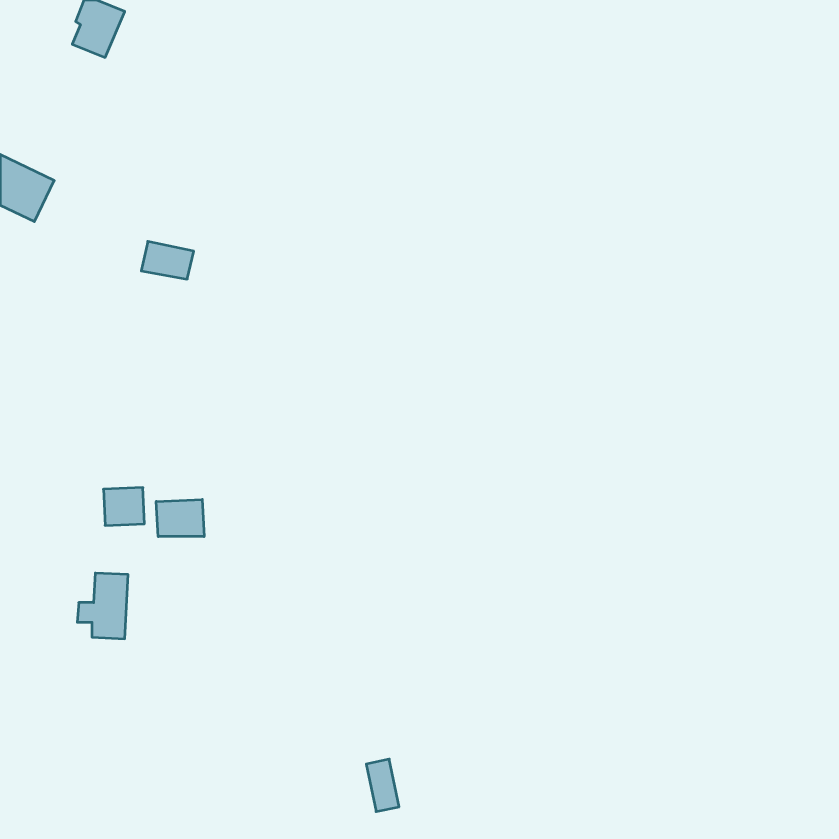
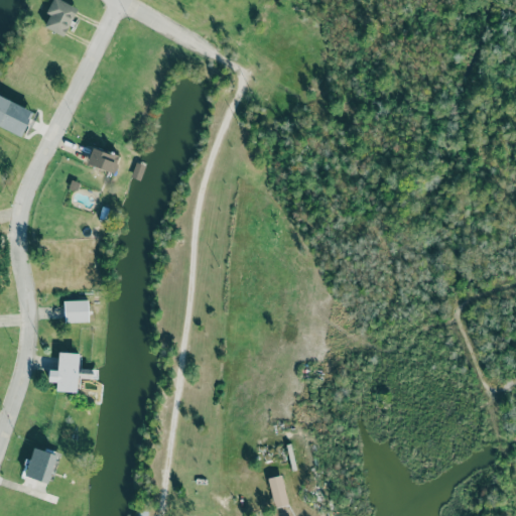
building: [156,499,204,537] -> none
building: none -> [26,448,55,482]
building: [366,759,399,812] -> [268,475,288,507]

